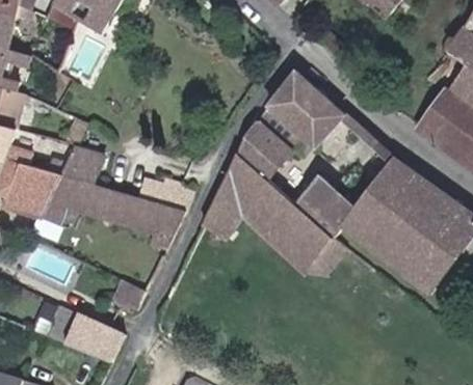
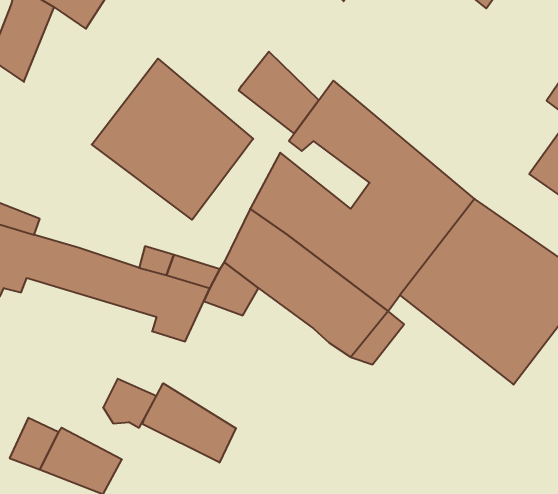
building: none -> [239,52,319,133]
building: none -> [92,59,253,220]
building: [70,153,110,187] -> none
building: none -> [143,383,236,463]

